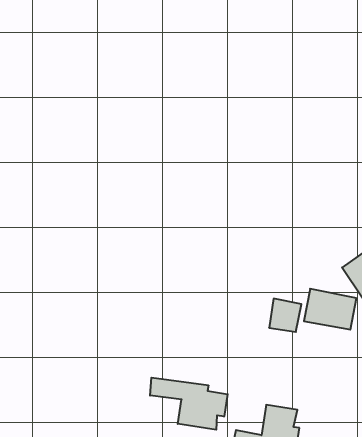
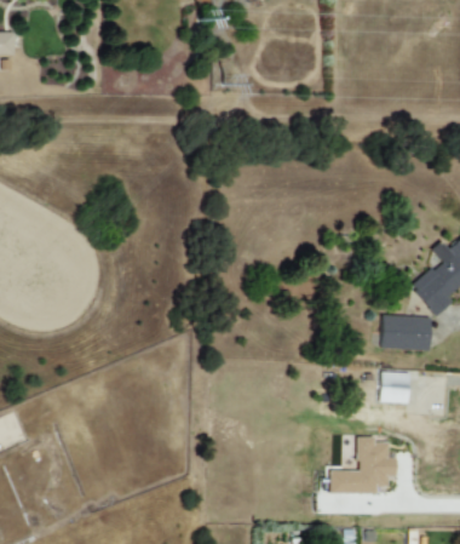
building: [269,299,301,332] -> [380,371,409,401]
building: [150,378,228,430] -> none

